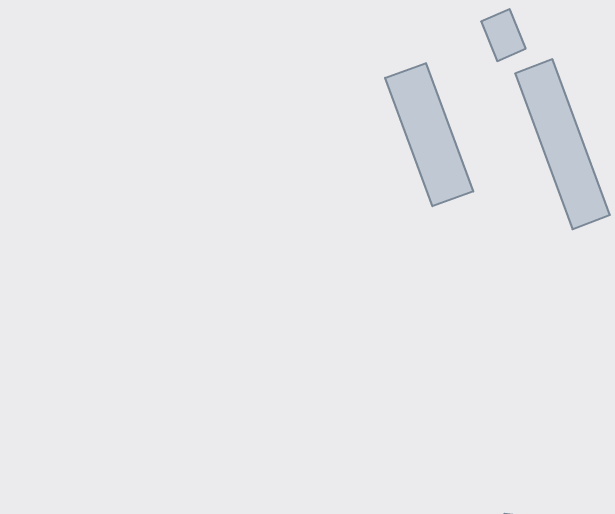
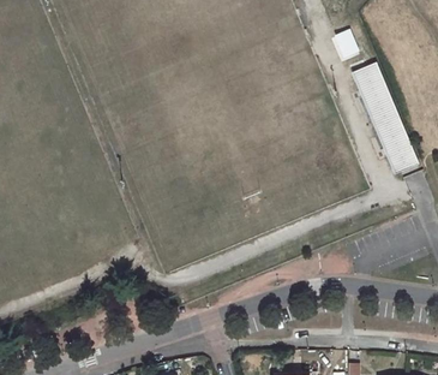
building: [385,63,473,206] -> none

